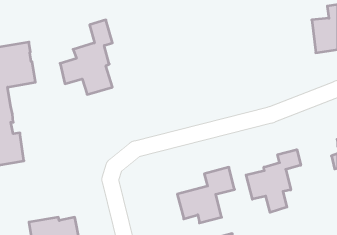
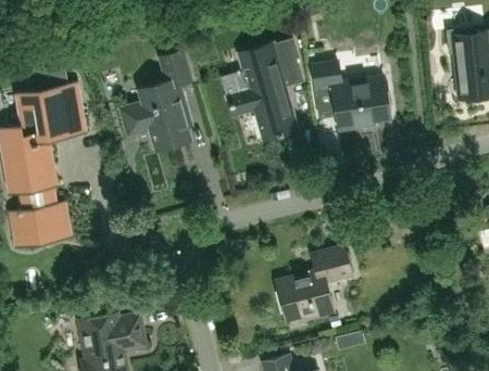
building: none -> [223,38,302,141]
building: none -> [312,63,390,131]
building: [246,150,301,212] -> none

